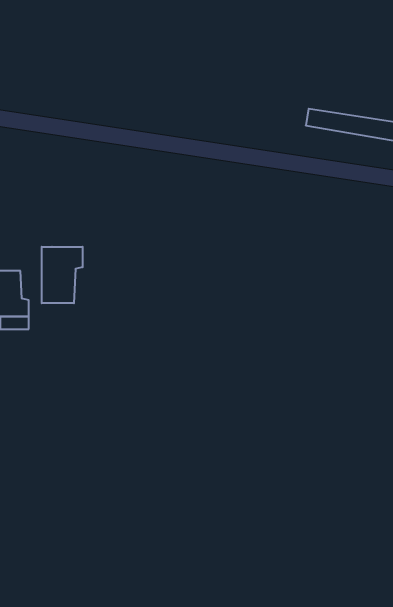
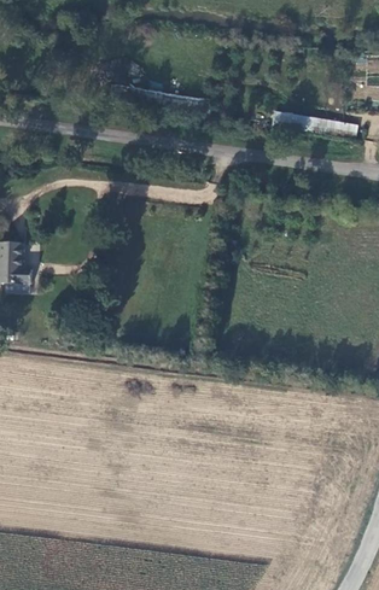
building: [42,247,83,303] -> none

